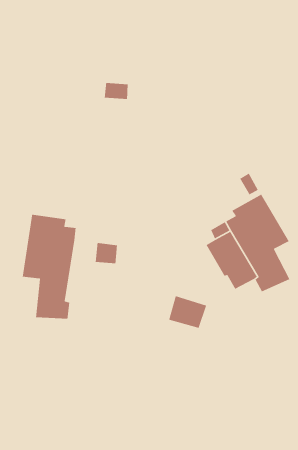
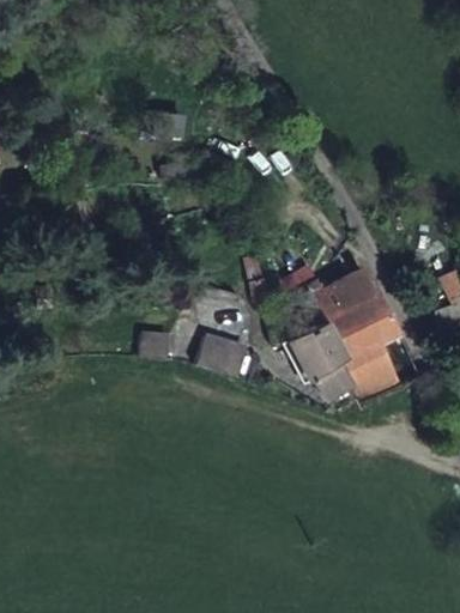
building: [22,214,77,319] -> none
building: [168,295,207,329] -> [194,333,247,378]

